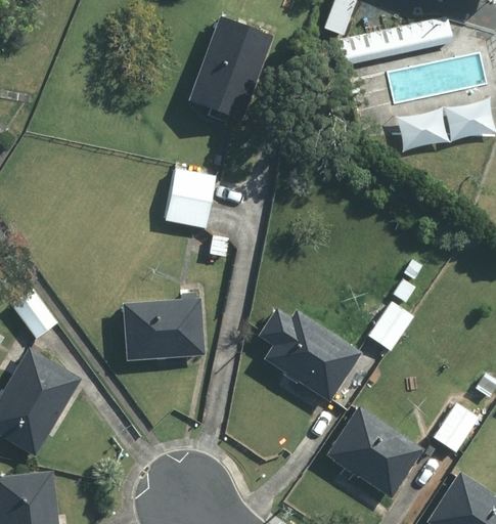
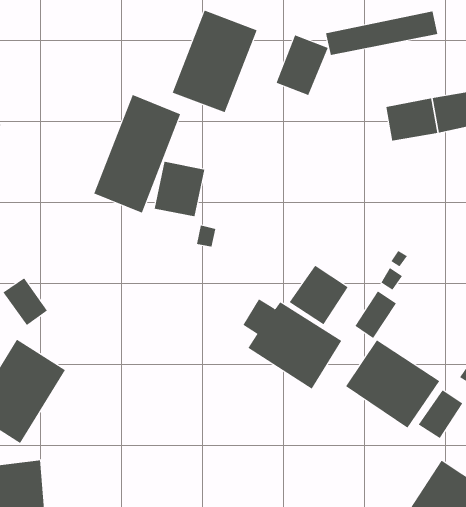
building: none -> [276,35,328,96]
building: none -> [94,94,181,214]
building: none -> [289,265,349,325]
building: [122,294,205,359] -> none
building: [326,407,422,497] -> [345,340,440,428]

